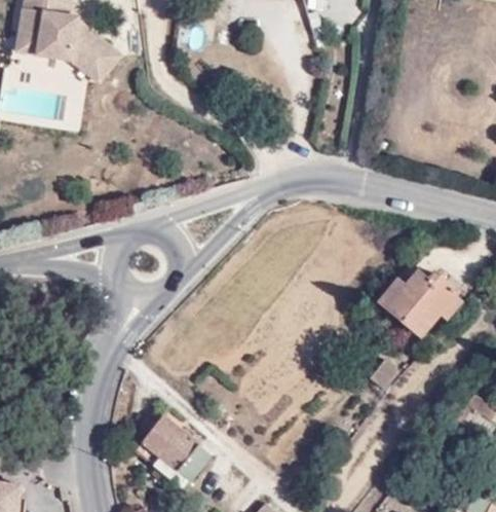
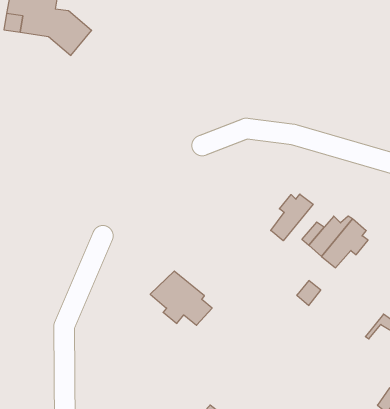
building: none -> [271,194,313,241]
building: [136,416,209,481] -> [150,271,212,325]

